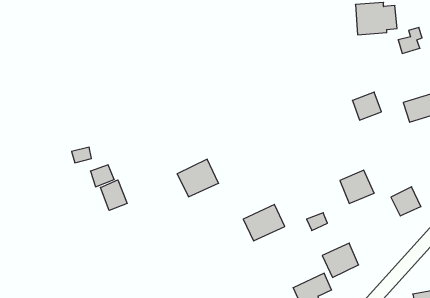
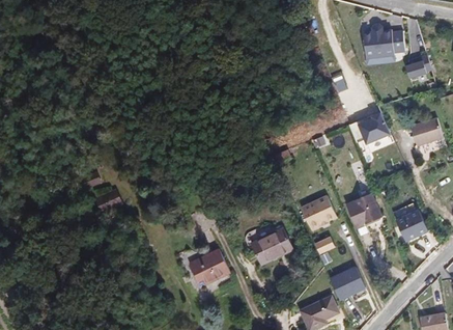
building: [177,159,219,197] -> [189,249,230,286]
building: none -> [300,196,336,230]
building: [100,180,127,210] -> none

